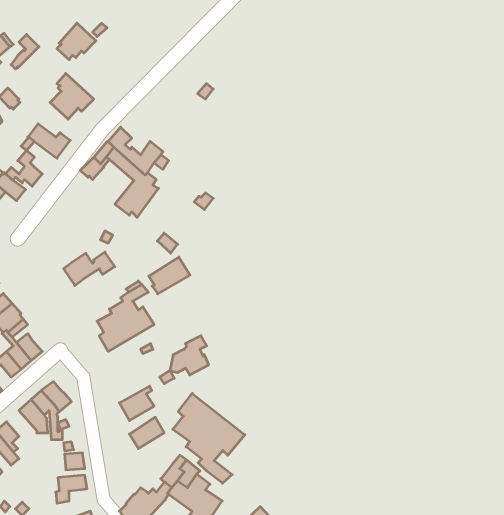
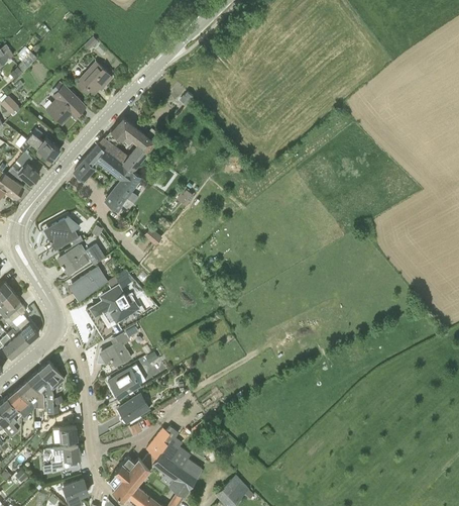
building: [57,23,96,60] -> [77,62,112,95]
building: none -> [110,117,158,154]
building: none -> [46,218,81,249]
building: [149,257,190,294] -> [72,267,109,300]
building: [170,336,209,375] -> [97,332,132,368]
building: [173,393,245,483] -> none
building: none -> [7,388,34,418]

